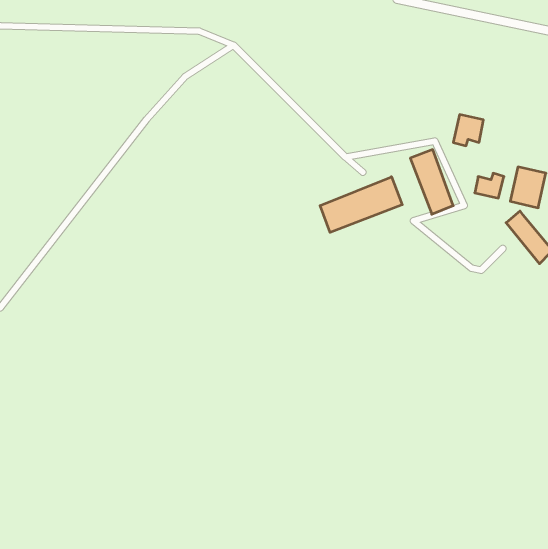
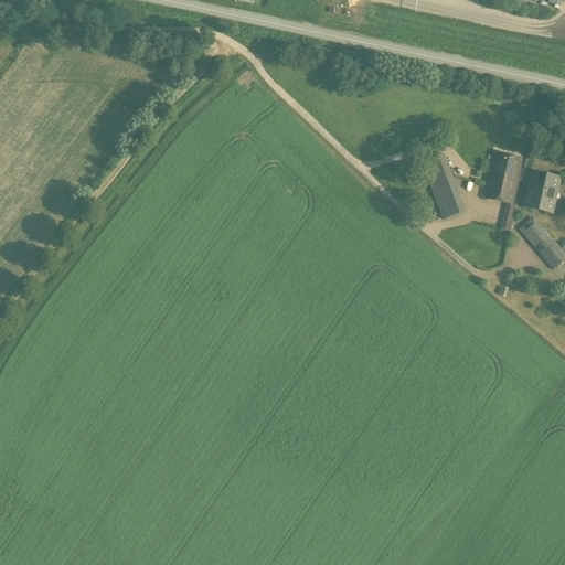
building: [453,115,483,146] -> [492,152,523,184]
building: [320,177,402,232] -> none

